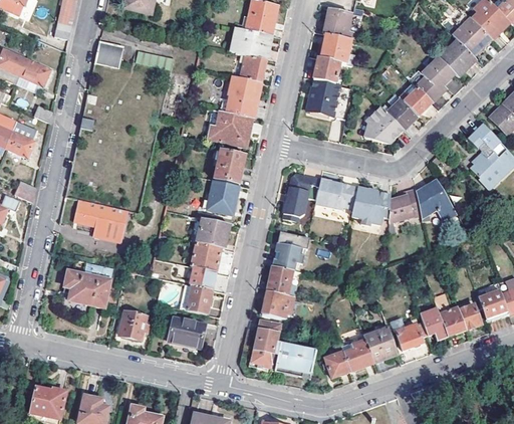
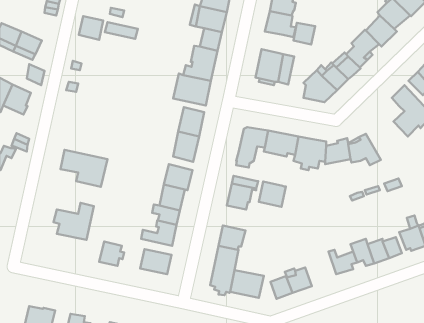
building: [313,58,339,84] -> [293,23,315,45]
building: [267,266,299,296] -> [259,182,286,207]
building: [362,324,398,363] -> none

